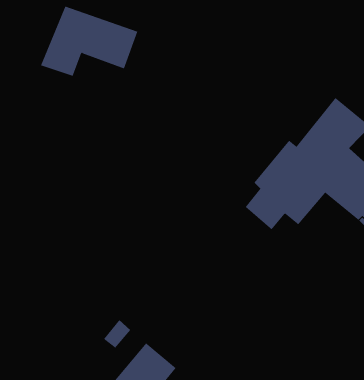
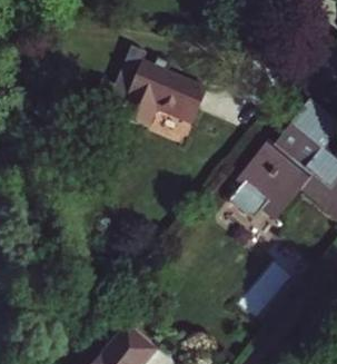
building: [40,6,138,77] -> [111,67,200,131]

